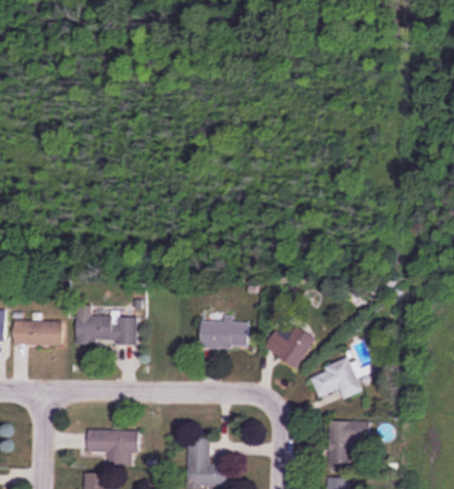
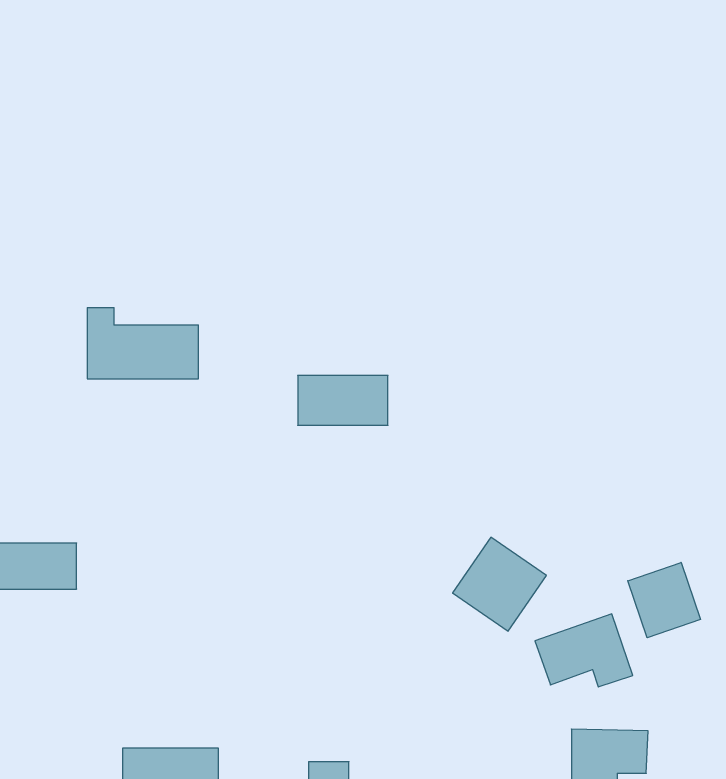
building: [76,306,136,344] -> [87,308,198,379]
building: [200,320,248,347] -> [298,375,388,425]
building: none -> [628,562,701,638]

